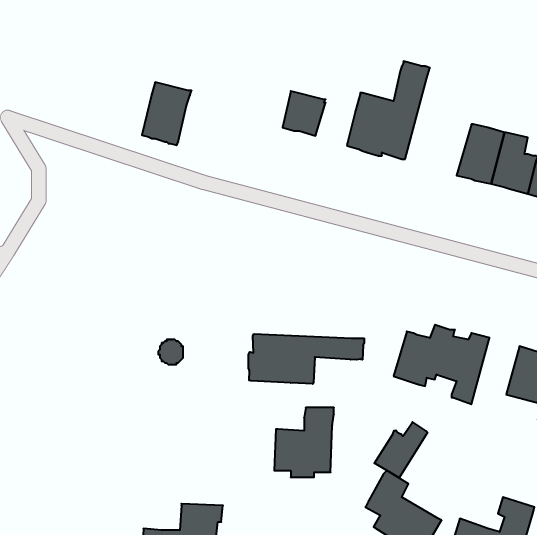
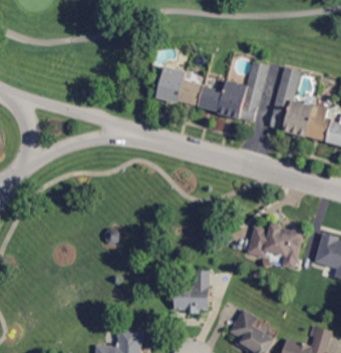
building: none -> [269,66,300,130]
building: [142,82,192,145] -> [156,65,187,103]
building: none -> [199,86,223,111]
building: [248,334,364,384] -> none
building: [374,422,427,478] -> none

